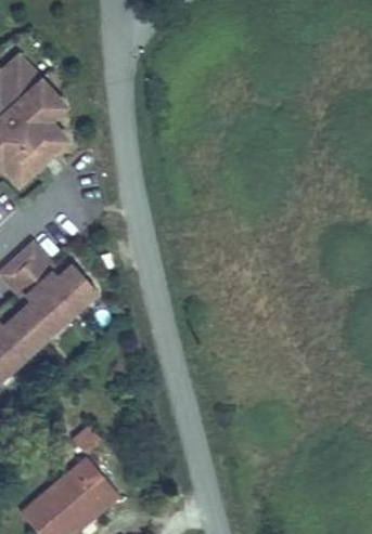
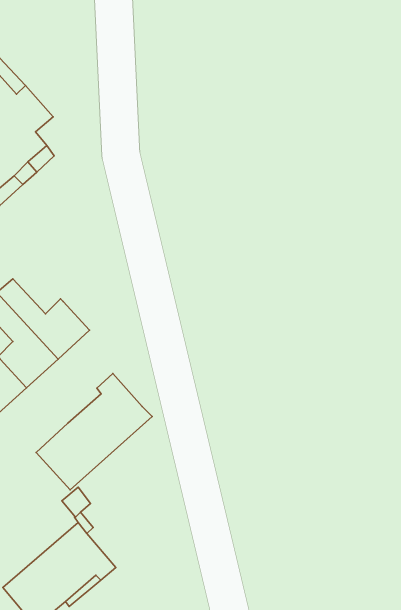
building: none -> [36,374,152,490]

